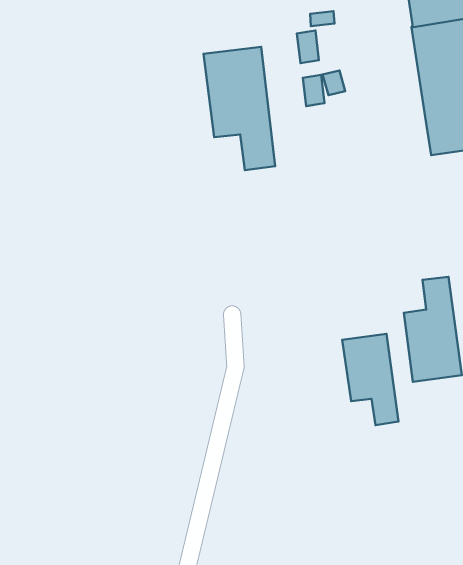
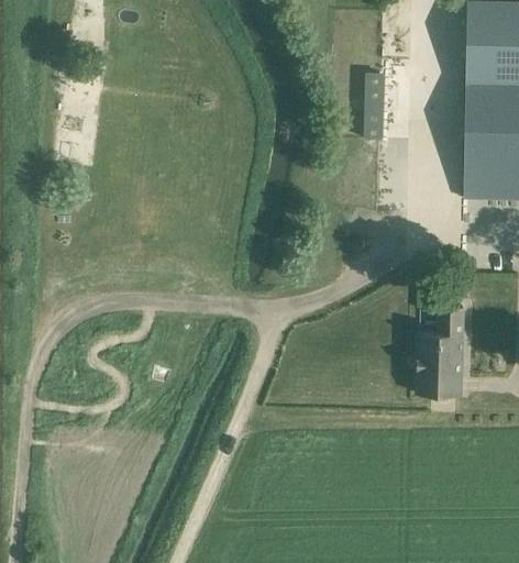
building: [203,47,275,170] -> none
building: [342,334,399,425] -> none

